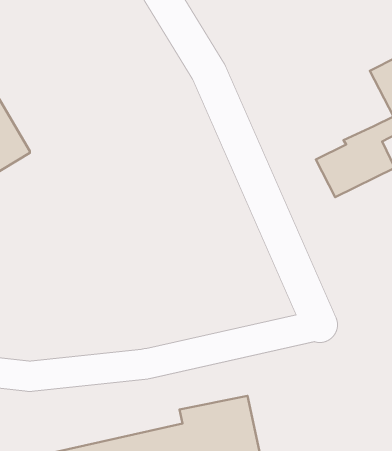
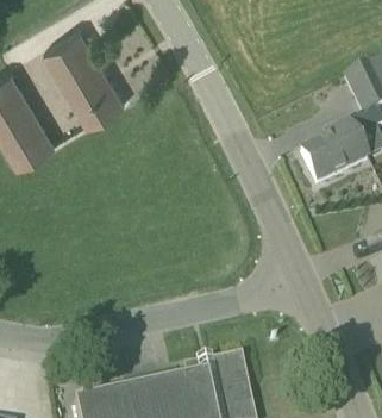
building: none -> [43,31,124,126]

